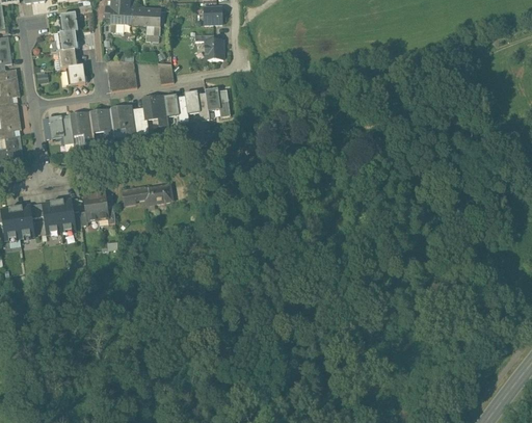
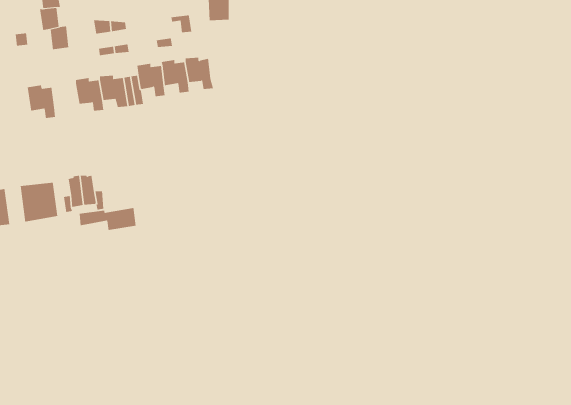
building: [205,87,230,116] -> none
building: [69,111,94,140] -> none
building: [122,184,171,204] -> [79,208,137,231]

